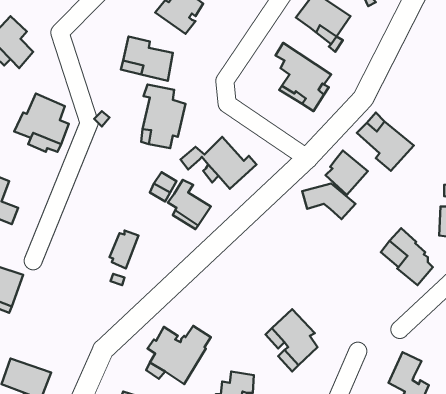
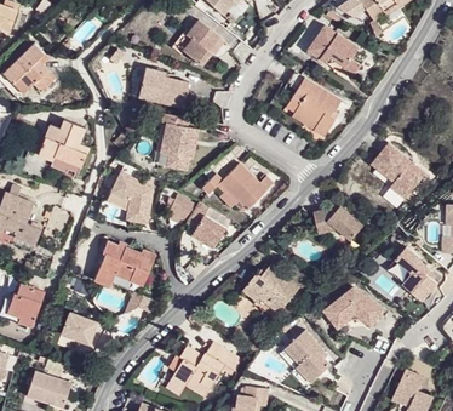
building: none -> [107,165,151,219]
building: [325,150,368,195] -> none
building: none -> [97,241,138,287]
building: none -> [240,263,297,310]
building: none -> [322,287,385,326]
building: none -> [63,313,99,346]

